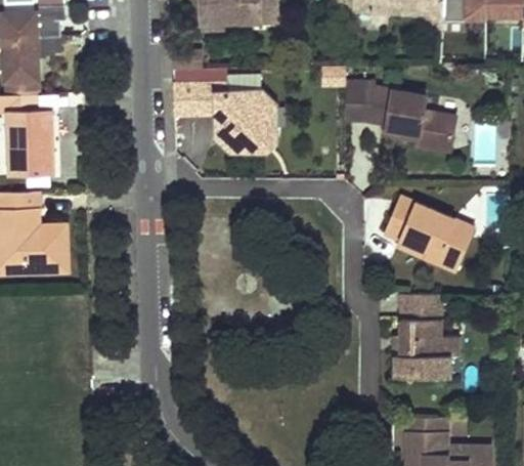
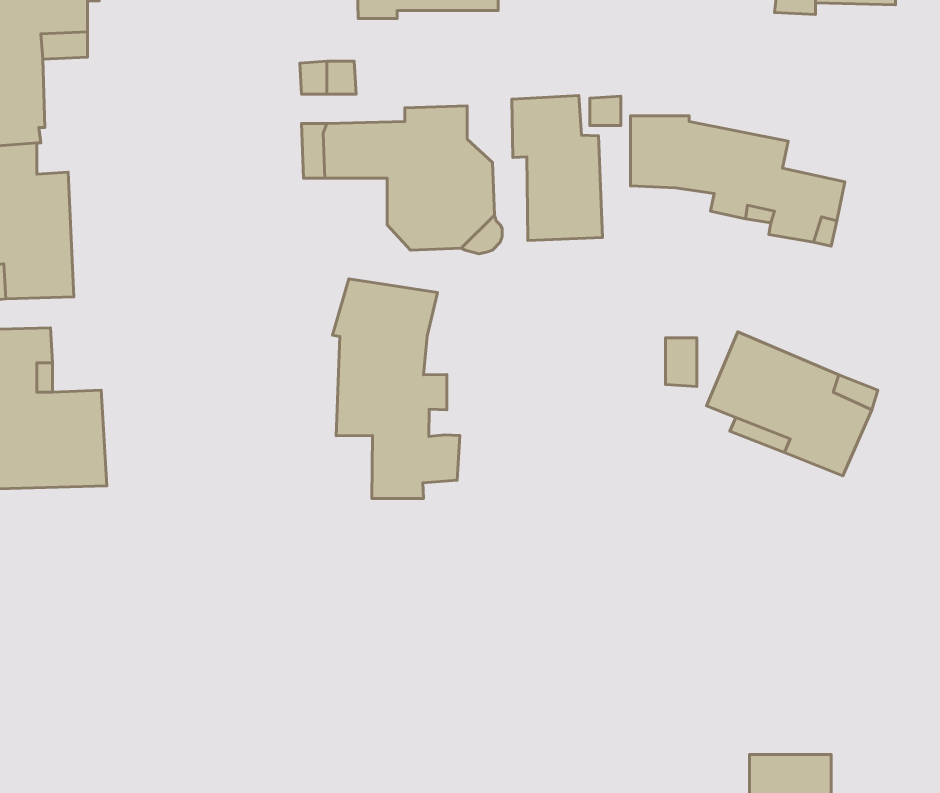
building: none -> [512,96,602,240]
building: none -> [332,279,460,498]
building: [395,293,460,374] -> none

